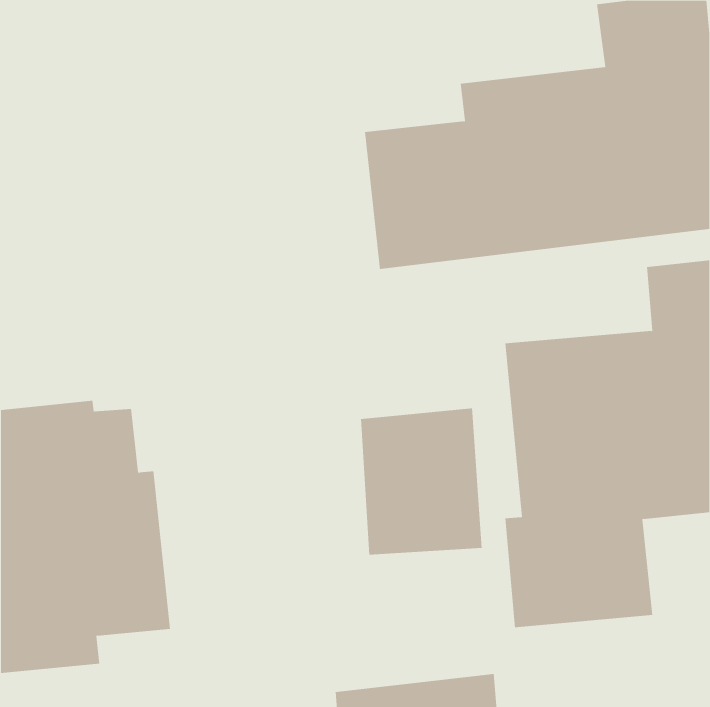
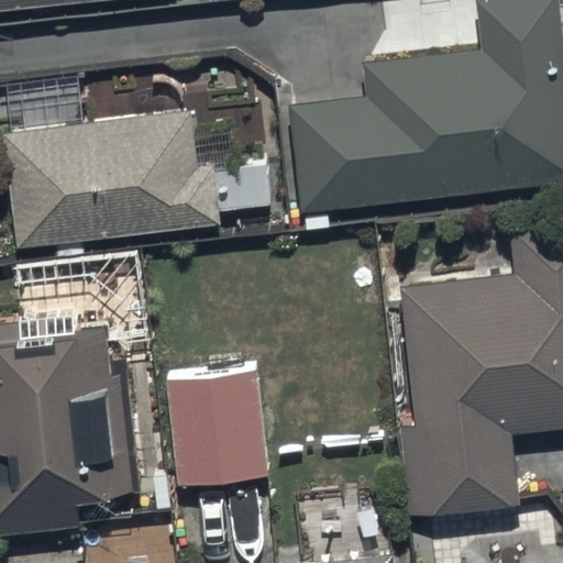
building: none -> [7,113,273,247]
building: [360,408,483,555] -> [169,356,266,473]

